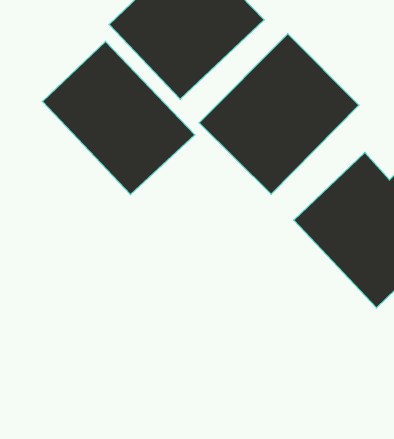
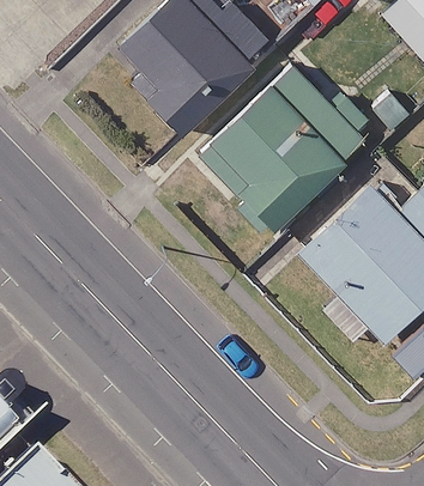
building: [42,42,195,195] -> none

